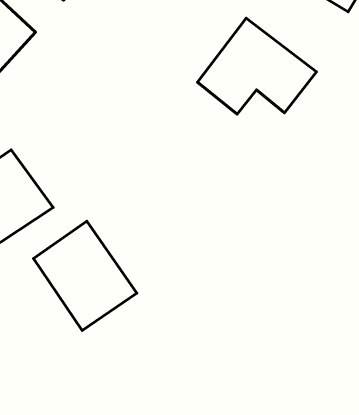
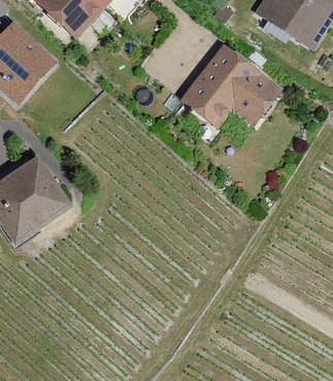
building: [34,221,137,330] -> none

